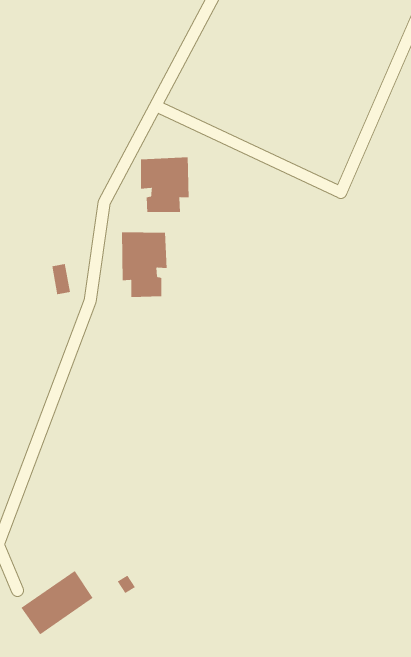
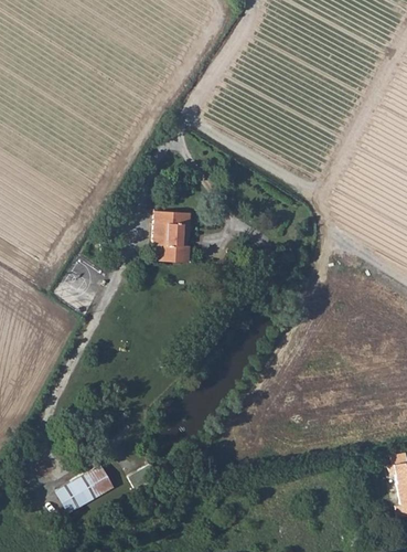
building: [140,156,189,213] -> none

